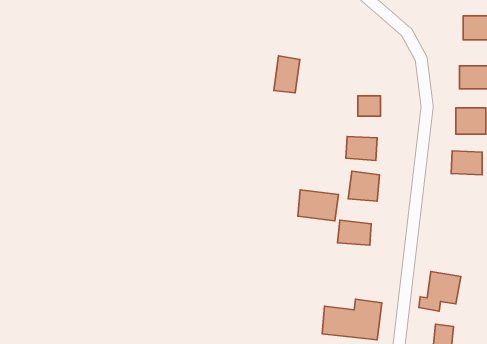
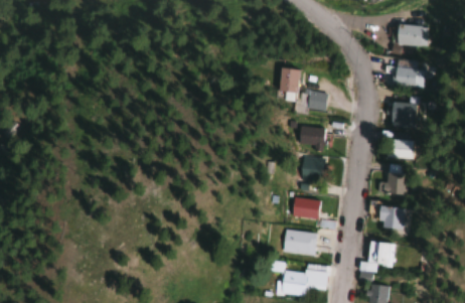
building: [274,56,300,93] -> [278,66,300,98]
building: none -> [380,169,408,192]
building: [298,190,339,221] -> [284,229,318,255]
building: none -> [380,207,405,228]

